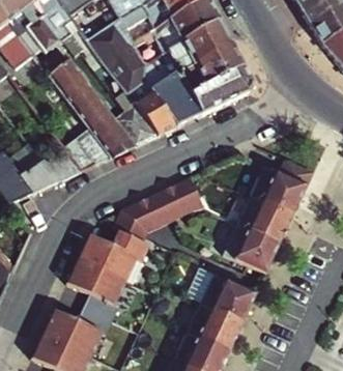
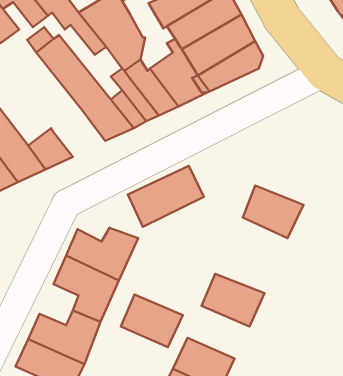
building: [63,125,111,169] -> none
building: [247,156,310,212] -> none
building: [222,224,276,274] -> none
building: [185,304,241,351] -> [121,294,183,347]

